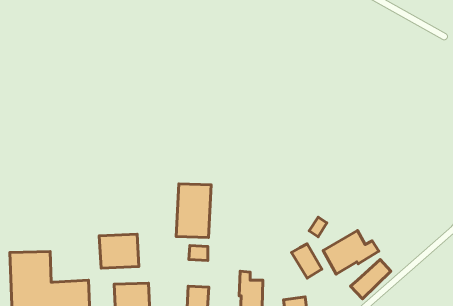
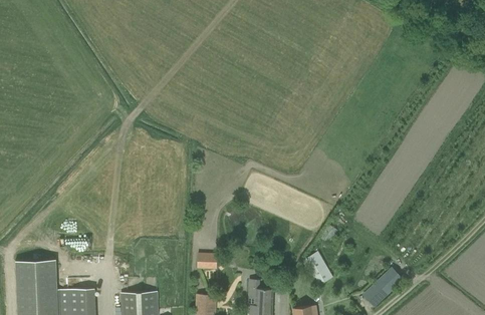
building: [176,184,211,238] -> none
building: [323,231,379,274] -> none
building: [99,234,139,268] -> none

